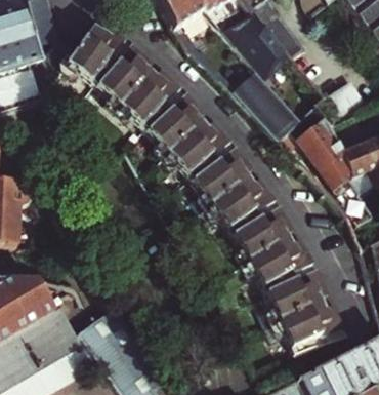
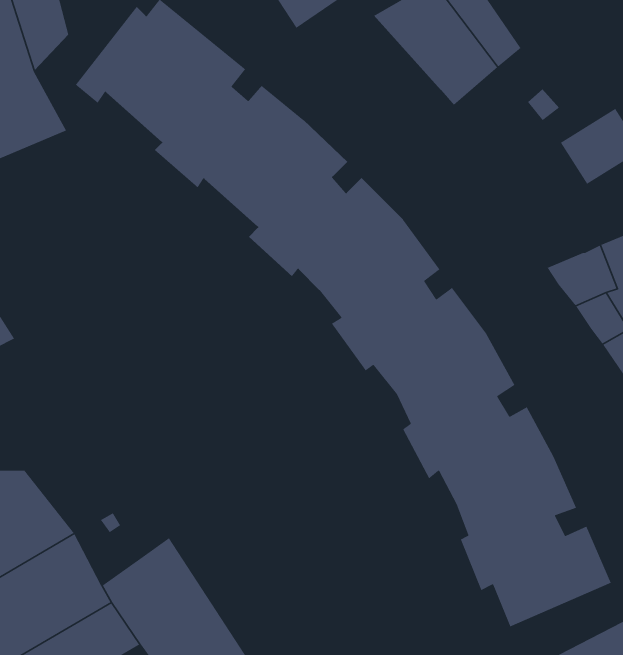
building: [229,69,299,140] -> none
building: [294,121,333,163] -> none

